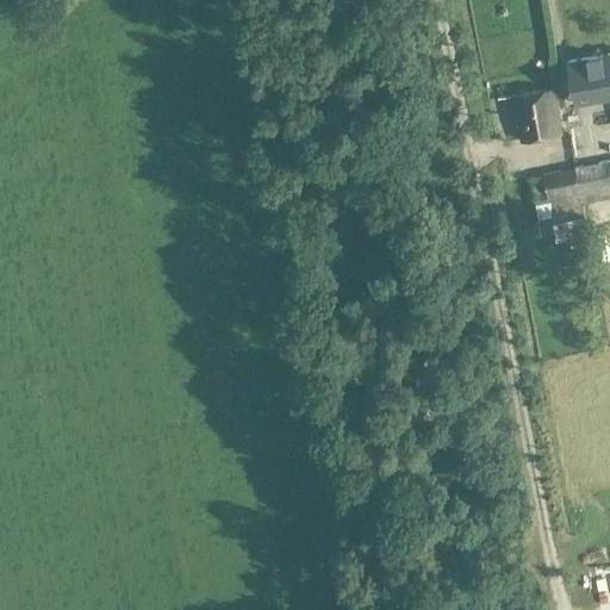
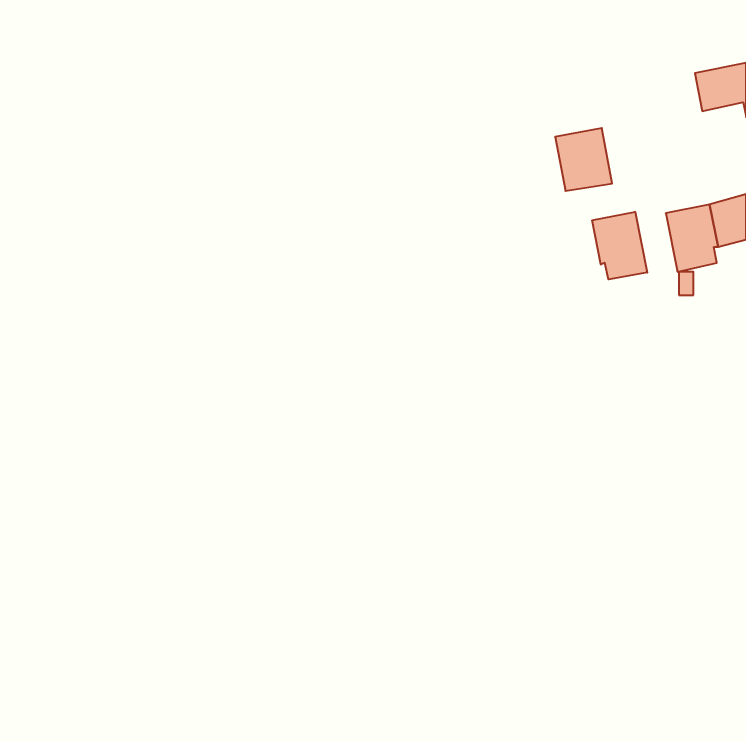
building: [513,91,560,142] -> [555,128,612,191]
building: none -> [592,212,647,279]

